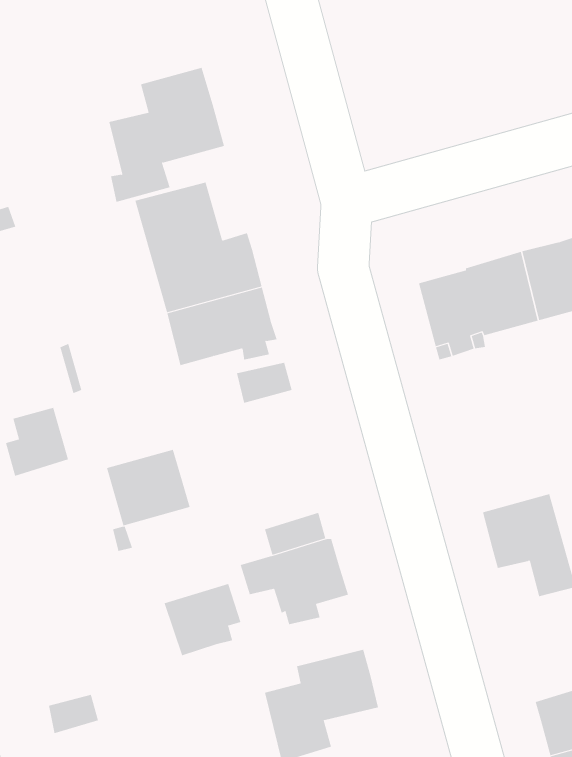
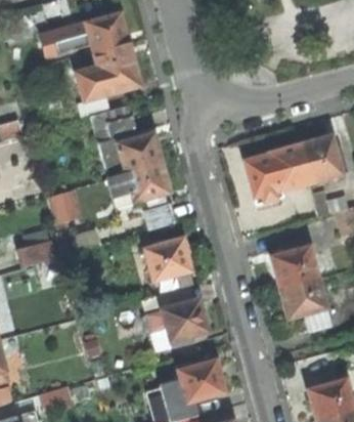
building: none -> [40,13,127,57]
building: none -> [271,245,316,285]
building: [106,449,191,526] -> [144,238,190,280]
building: [164,583,241,656] -> none

